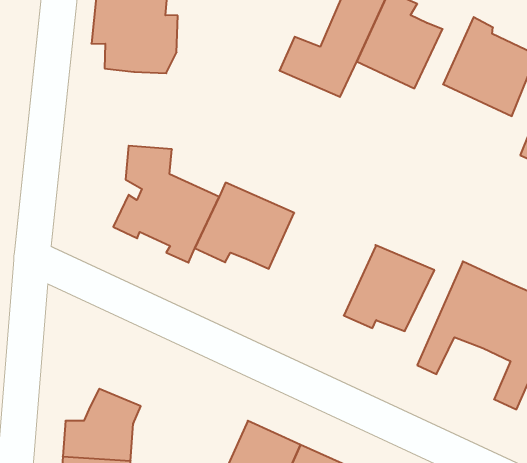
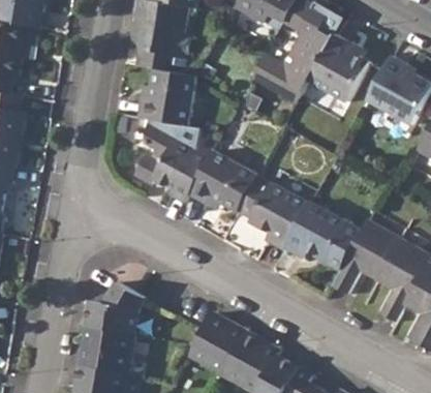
building: none -> [138,68,196,125]
building: none -> [235,172,308,248]

